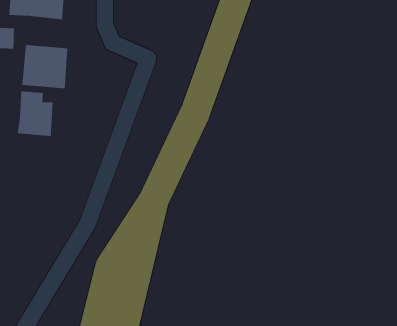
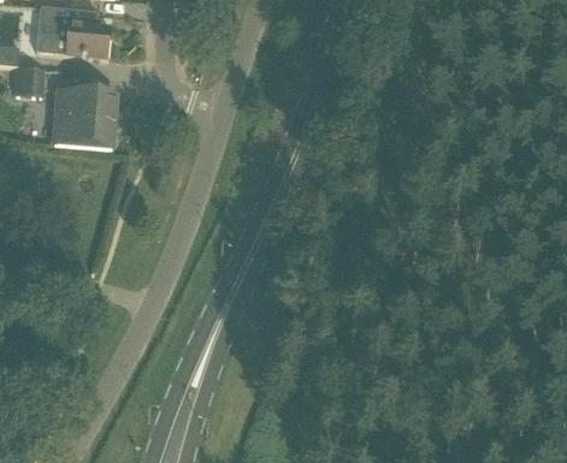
building: [17,91,53,137] -> none

